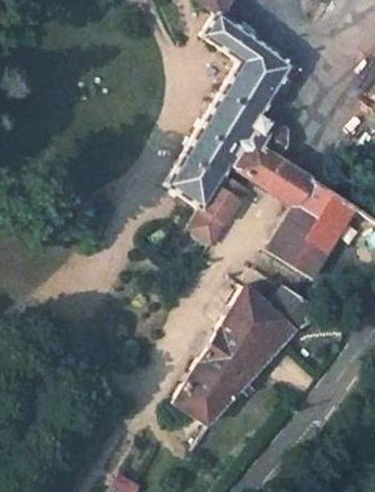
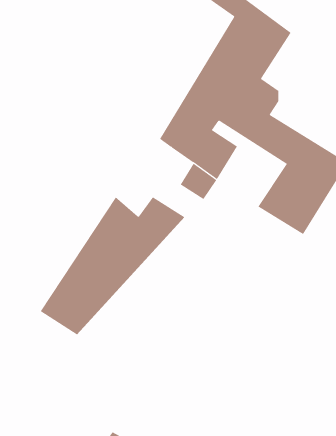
building: [171,286,315,425] -> [40,196,185,335]

